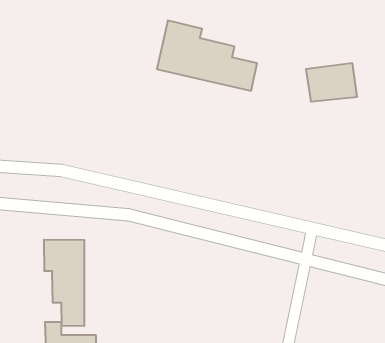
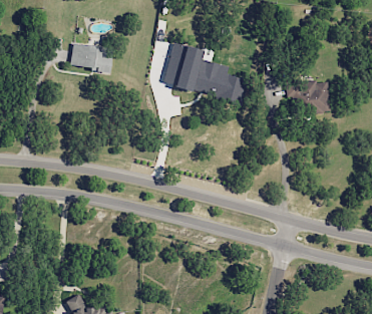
building: none -> [69,43,112,69]
building: [44,240,84,326] -> none

